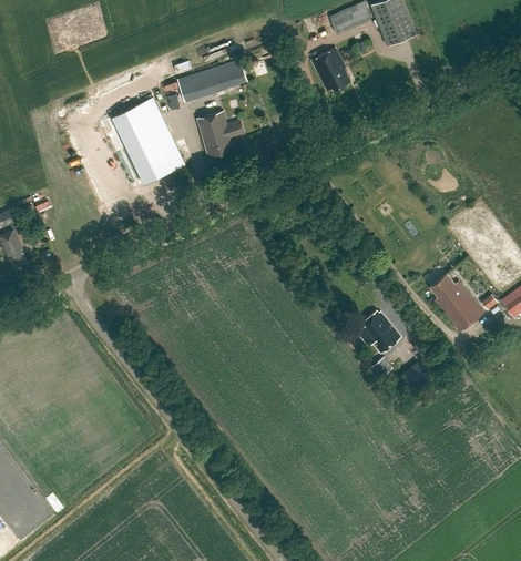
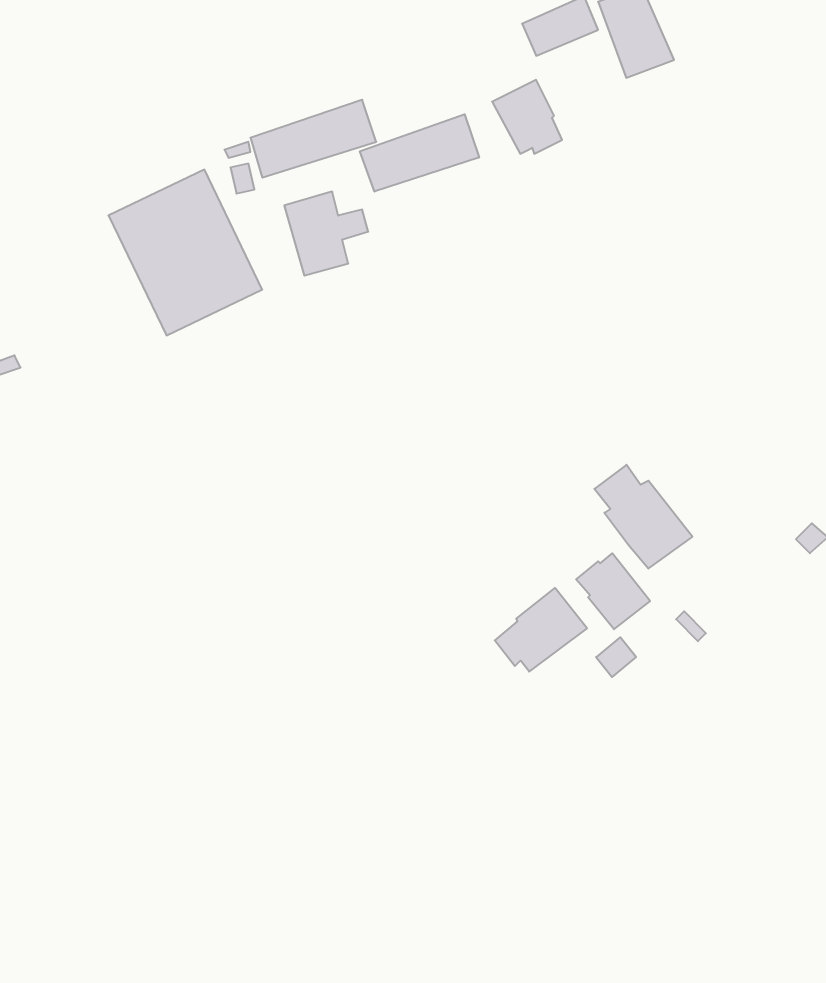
building: none -> [360,114,479,192]
building: [429,273,483,330] -> [594,465,692,569]
building: none -> [495,588,587,672]

